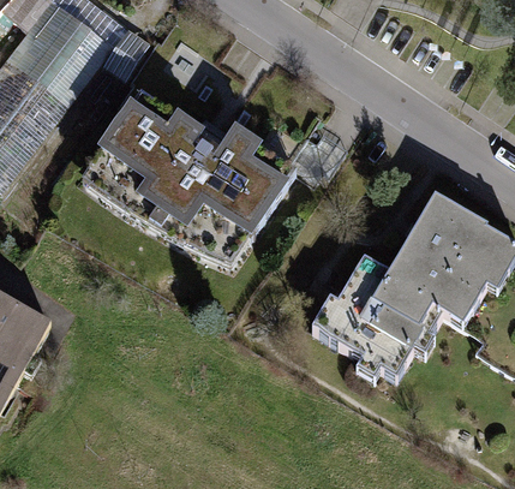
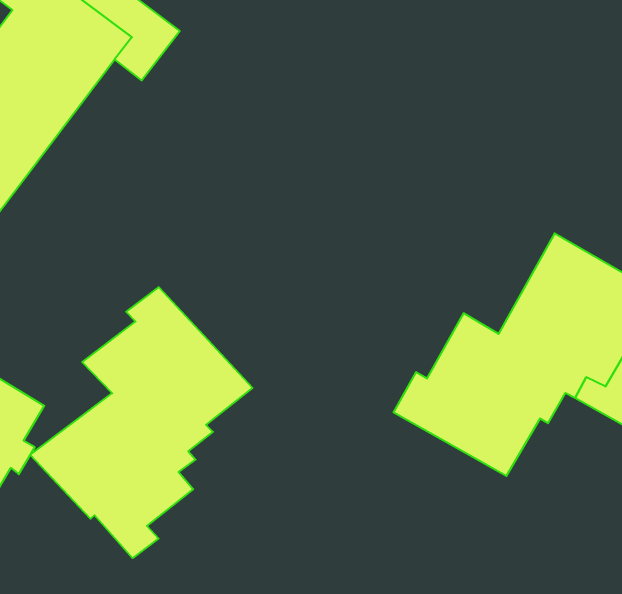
building: [96,87,297,245] -> none
building: none -> [30,287,252,558]

